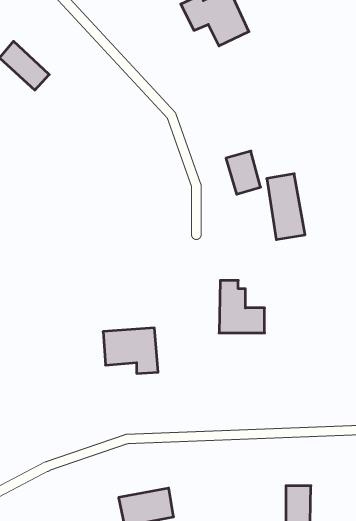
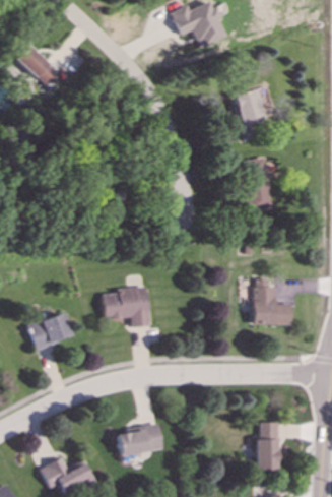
building: [226,151,261,194] -> [235,89,264,126]
building: [219,280,265,333] -> [254,281,292,325]
building: none -> [28,312,73,351]

